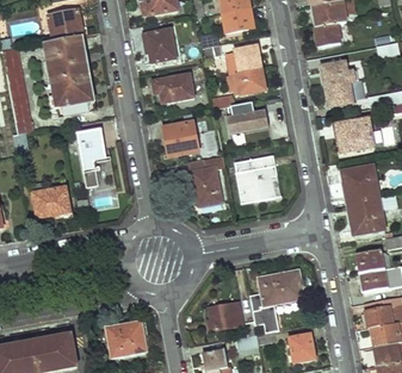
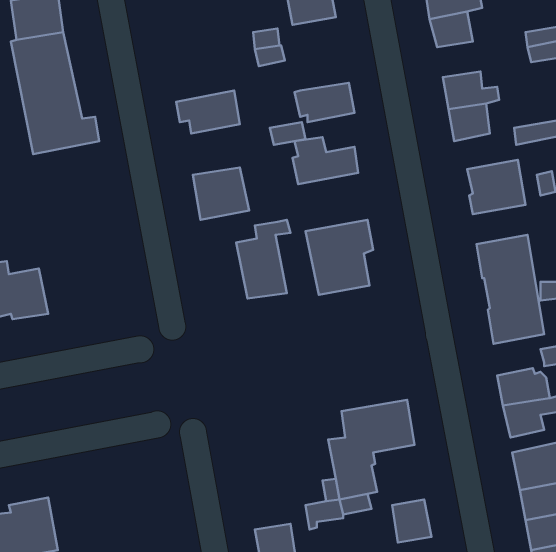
building: [142,30,175,63] -> none
building: [227,46,261,74] -> none
building: [76,129,106,188] -> none
building: [208,304,241,332] -> none
building: [99,322,146,358] -> none

